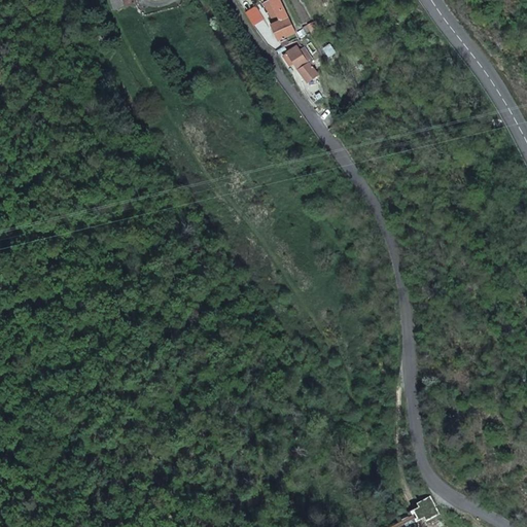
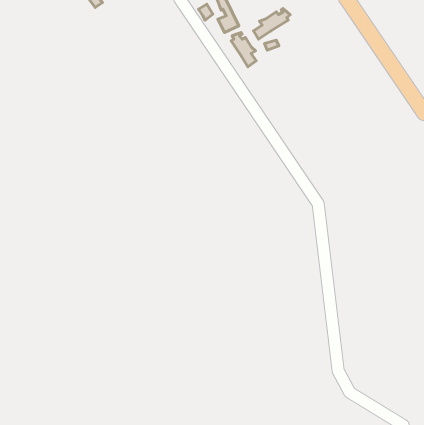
building: none -> [253,8,290,39]

